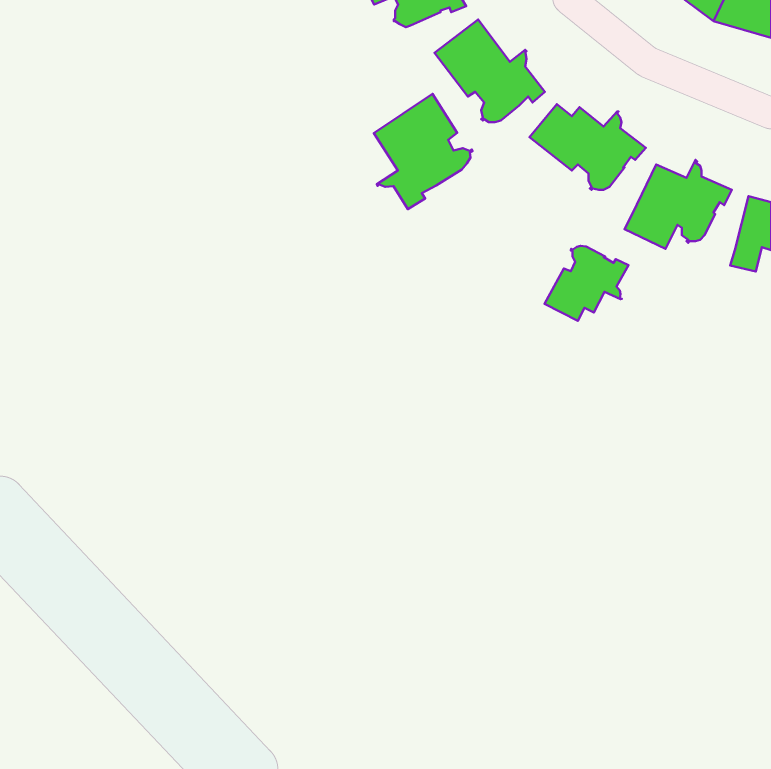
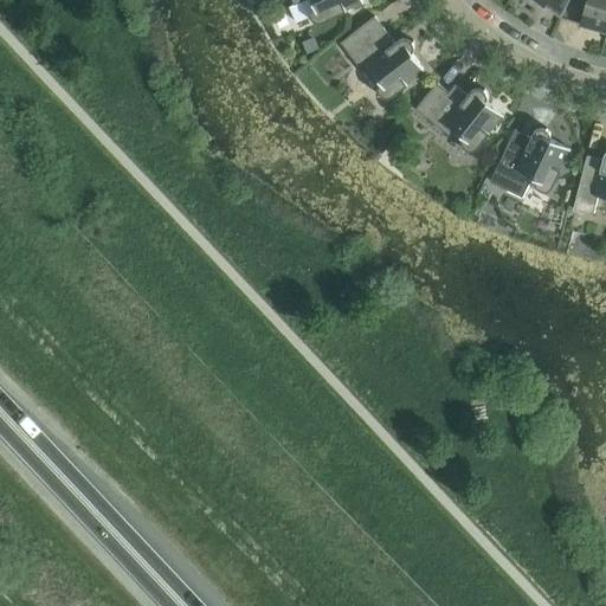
building: [374,94,472,209] -> none
building: [544,246,629,321] -> none

